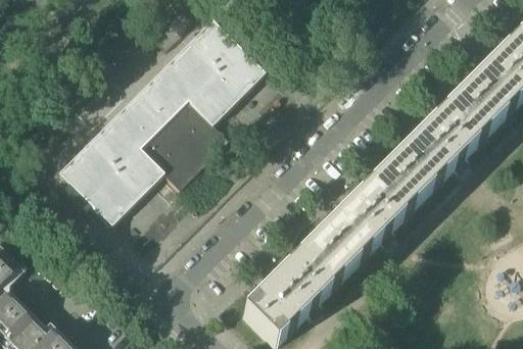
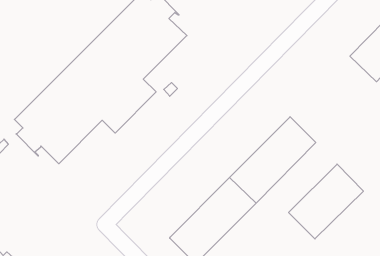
building: [387,95,490,198] -> none
building: none -> [289,164,363,239]

